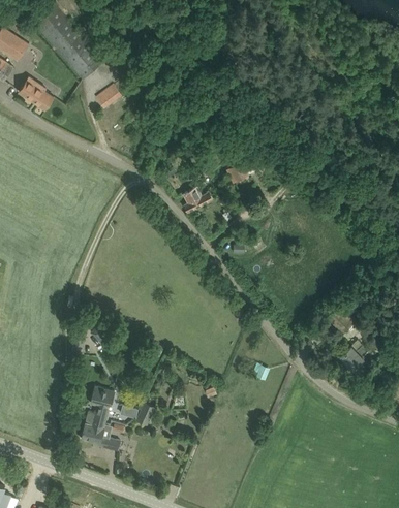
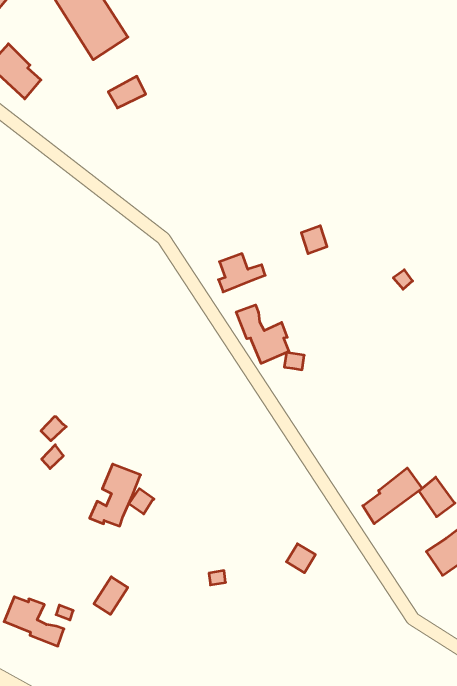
building: none -> [236,305,289,363]
building: none -> [363,468,422,524]
building: [85,387,113,425] -> [90,464,141,526]

